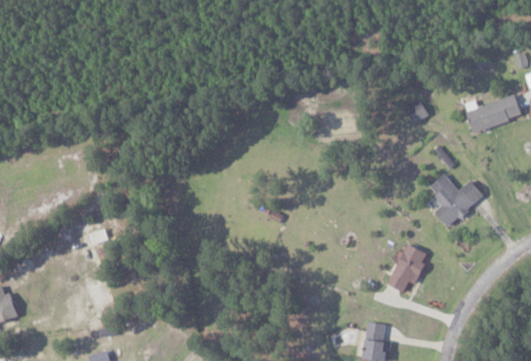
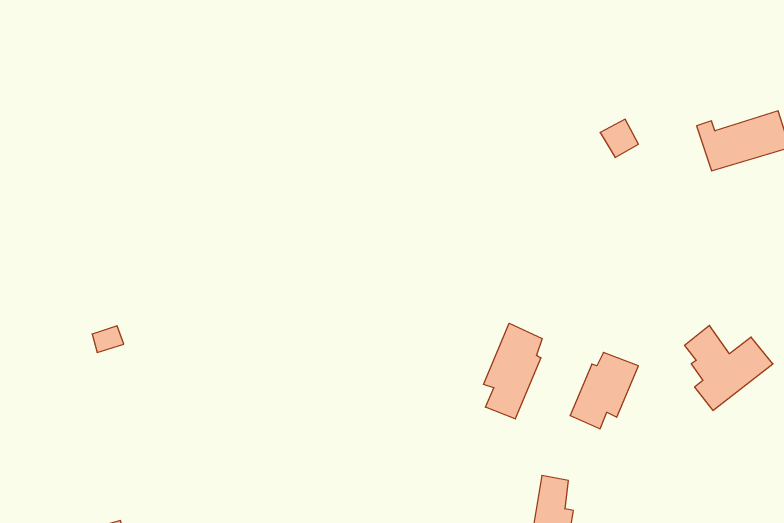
building: [429,173,484,226] -> [685,325,773,410]
building: none -> [484,323,542,419]

